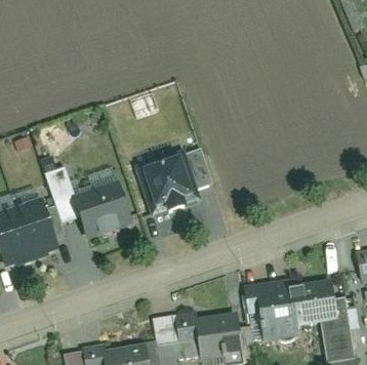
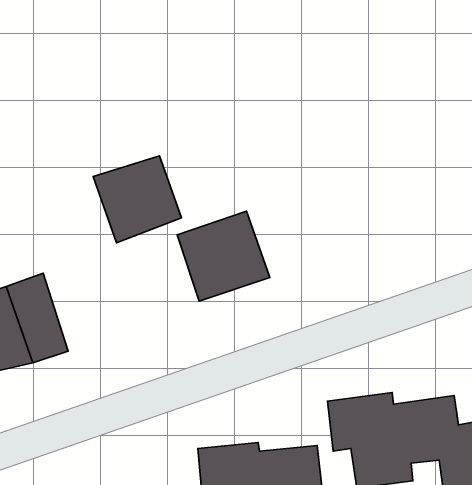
building: [73,178,134,239] -> [93,156,181,243]

